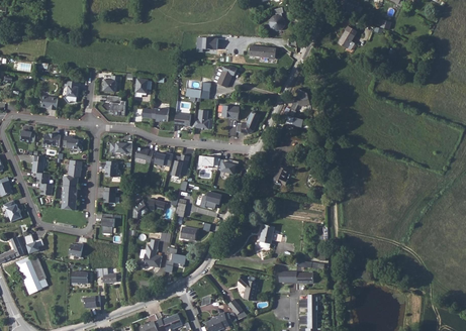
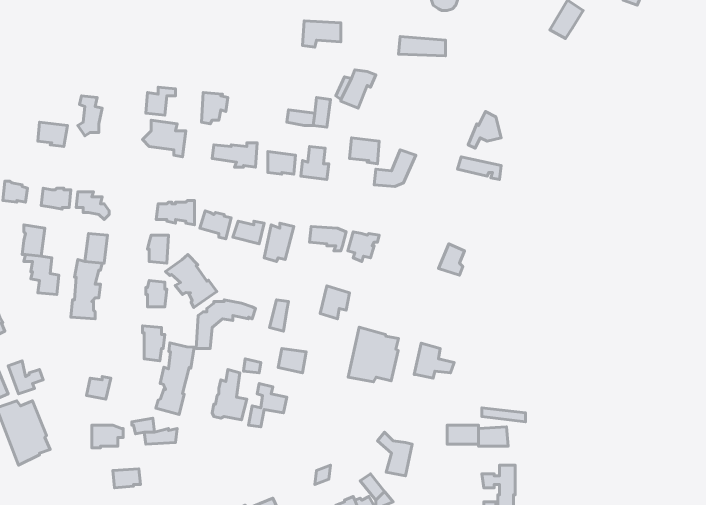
building: none -> [166,254,217,307]
building: none -> [348,327,399,382]
building: none -> [156,343,194,414]

